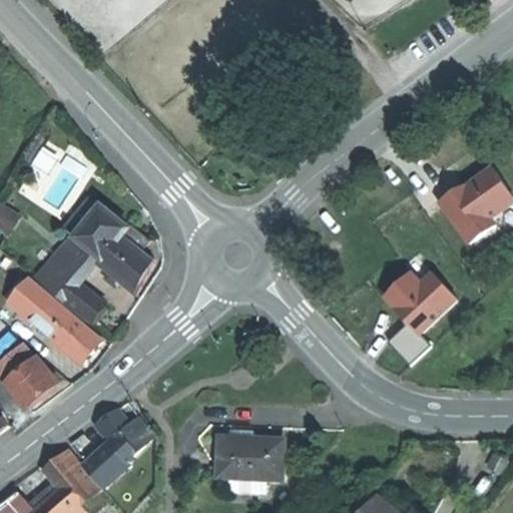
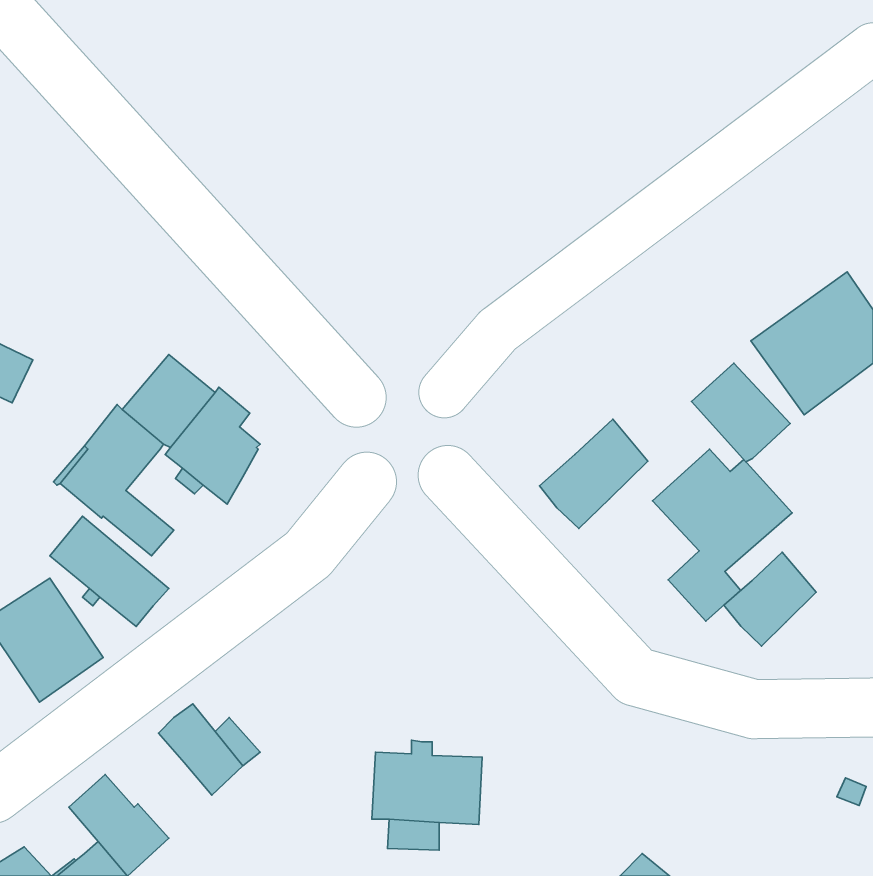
building: none -> [691,363,790,462]
building: none -> [539,419,648,529]
building: [7,283,48,324] -> none
building: none -> [724,552,816,646]
building: [80,444,125,489] -> none

